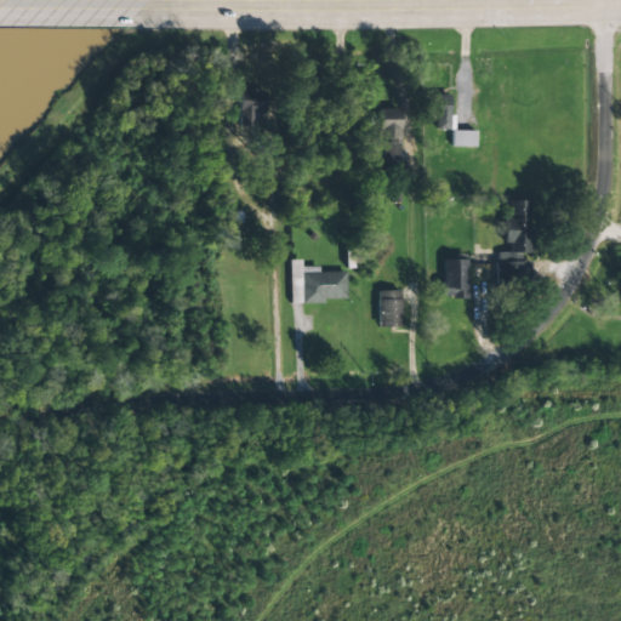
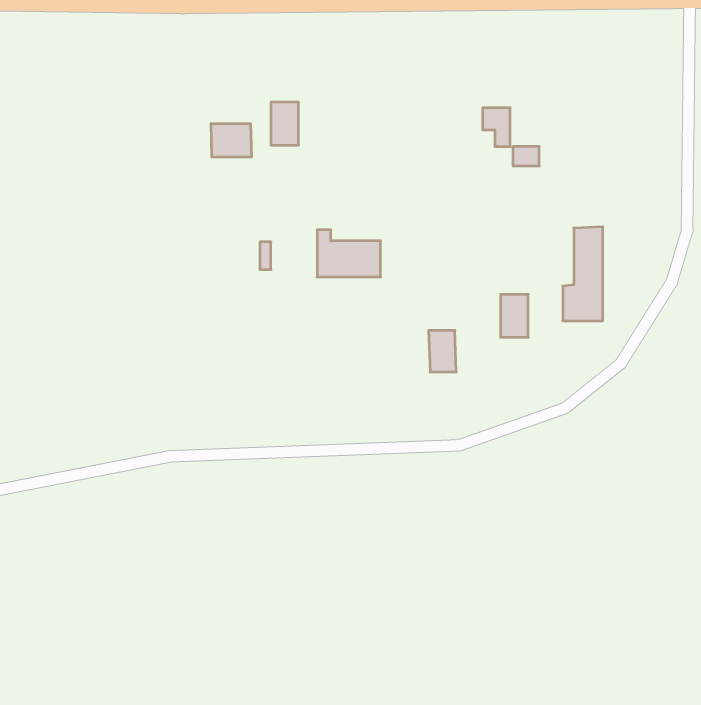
building: [382,108,401,158] -> none
building: none -> [211,124,251,157]
building: [292,260,348,301] -> [317,230,381,277]

